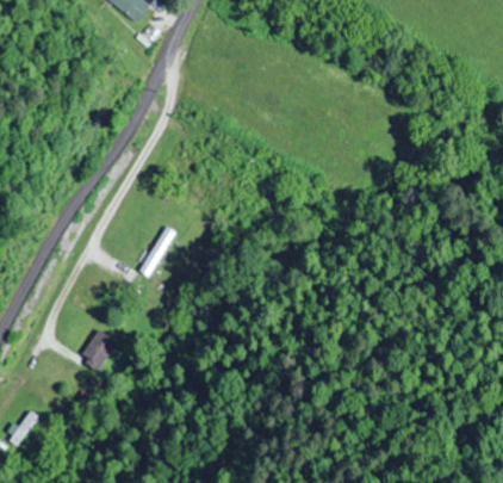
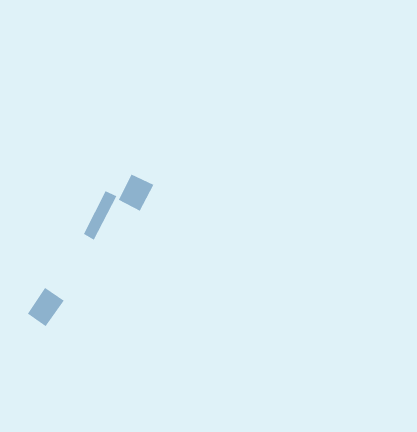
building: none -> [118,173,155,212]

